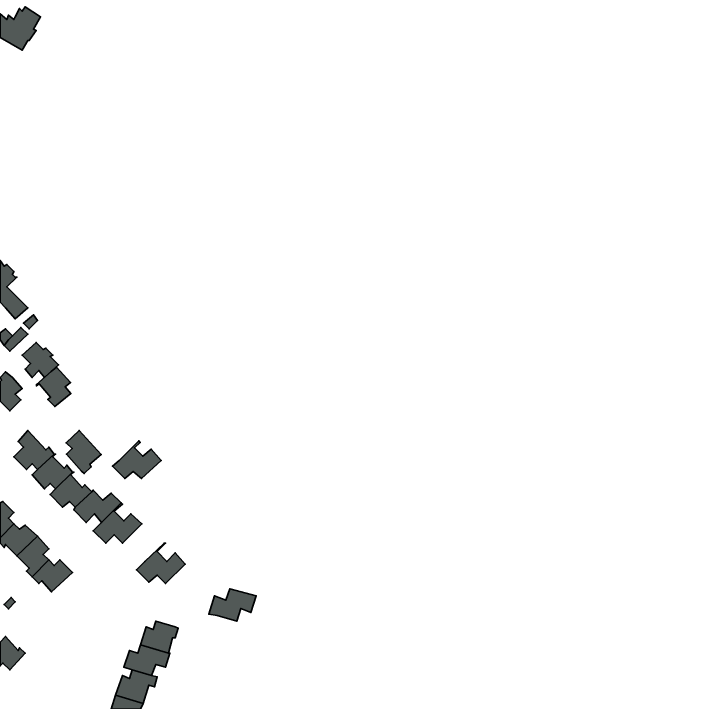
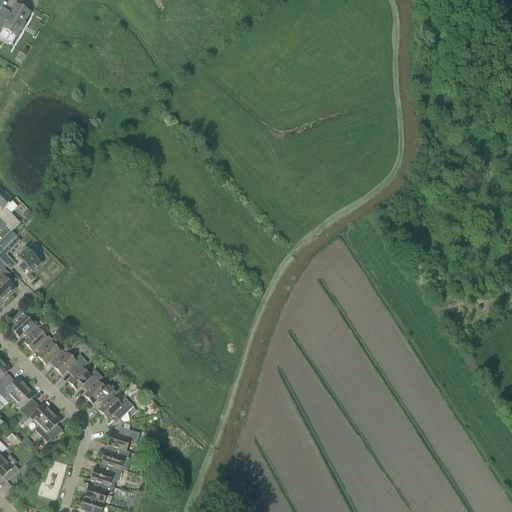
building: [37,367,71,406] -> none
building: [66,430,101,473] -> none
building: [112,441,161,479] -> [83,376,118,403]
building: none -> [34,411,62,444]
building: [209,589,256,621] -> [106,427,140,450]

